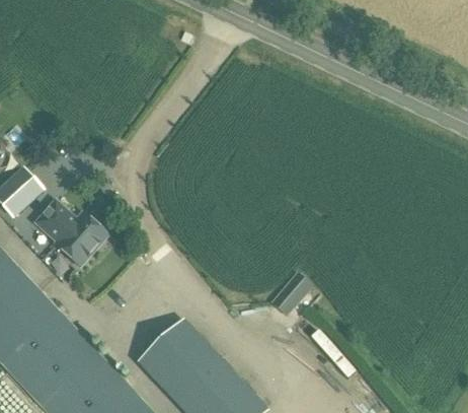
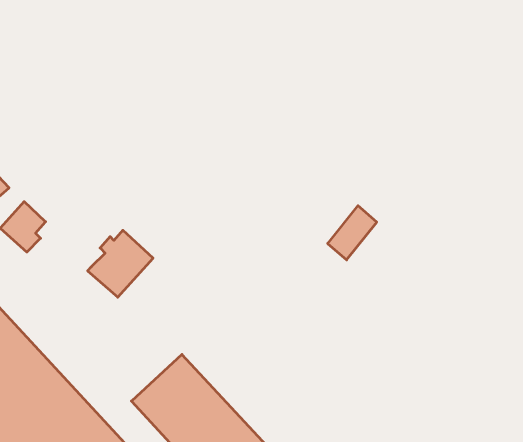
building: [54,211,106,265] -> [88,230,153,297]
building: [270,270,310,314] -> [328,206,377,260]

